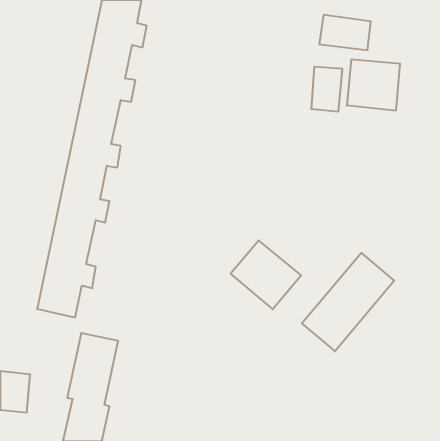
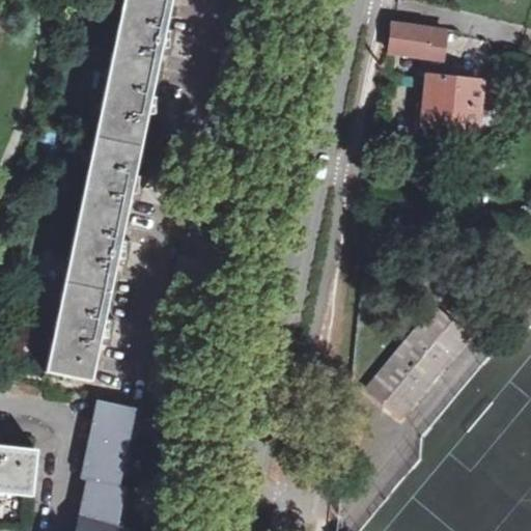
building: [311,67,342,112] -> none
building: [231,240,301,309] -> none

